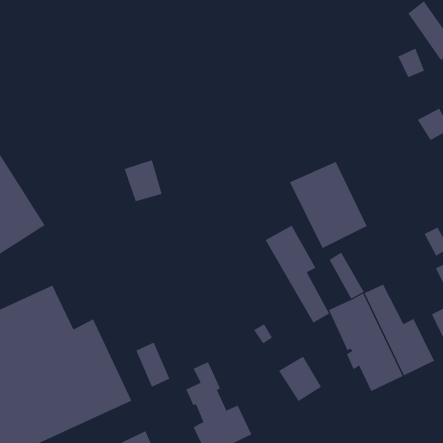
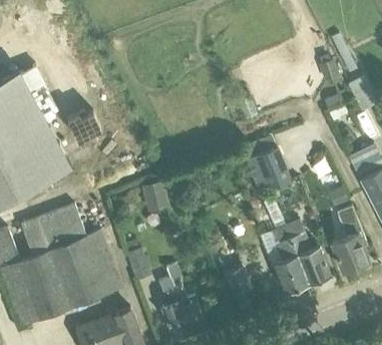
building: [124,160,163,202] -> [143,182,168,210]
building: [265,225,330,324] -> none

